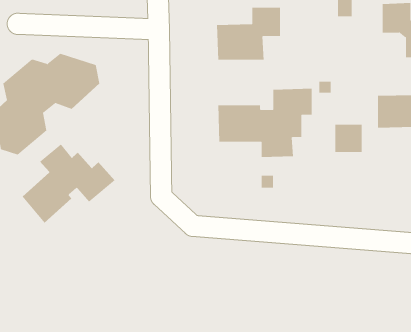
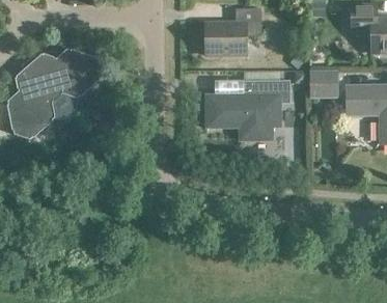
building: [334,124,363,152] -> [311,72,336,97]
building: [22,143,115,224] -> none

